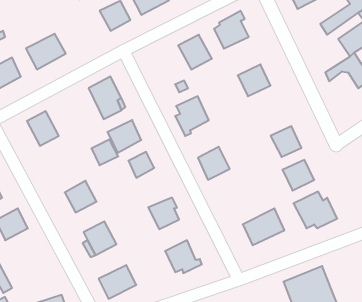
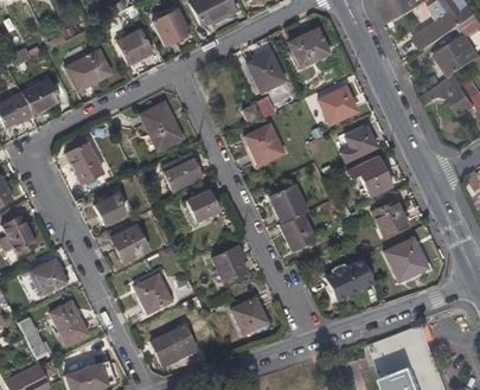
building: none -> [115,27,152,64]
building: none -> [339,124,377,161]
building: [91,139,118,165] -> [94,193,126,224]
building: none -> [279,212,314,250]
building: none -> [49,301,88,345]

